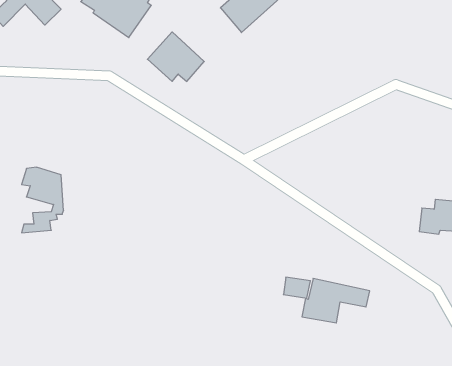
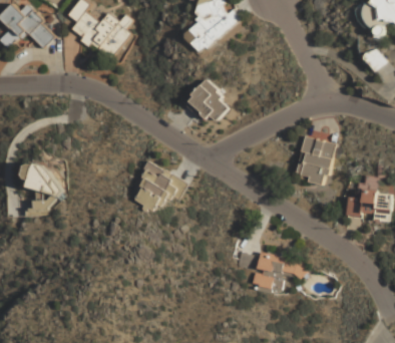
building: [147,32,204,81] -> [184,81,231,121]
building: none -> [297,136,334,186]
building: none -> [133,162,177,213]

